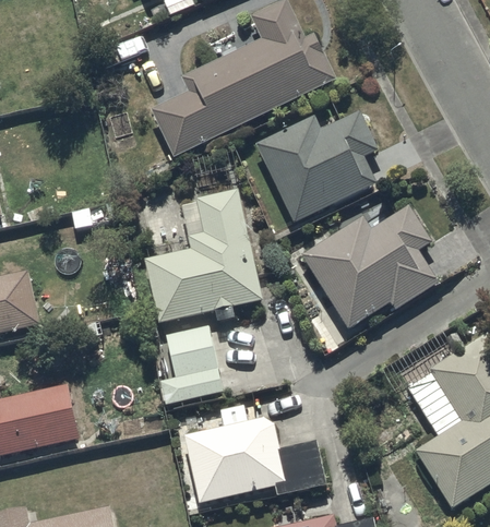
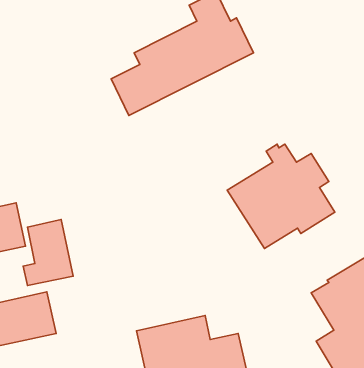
building: [255,111,378,224] -> none
building: [144,190,263,323] -> none
building: [159,320,224,405] -> [23,219,73,286]

